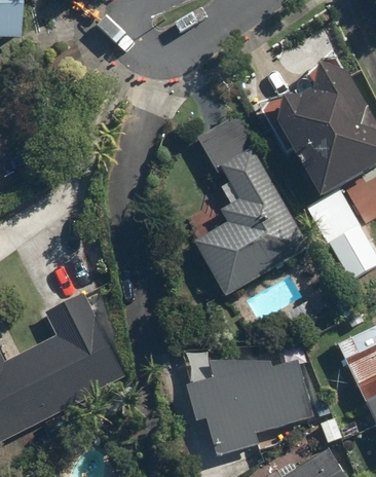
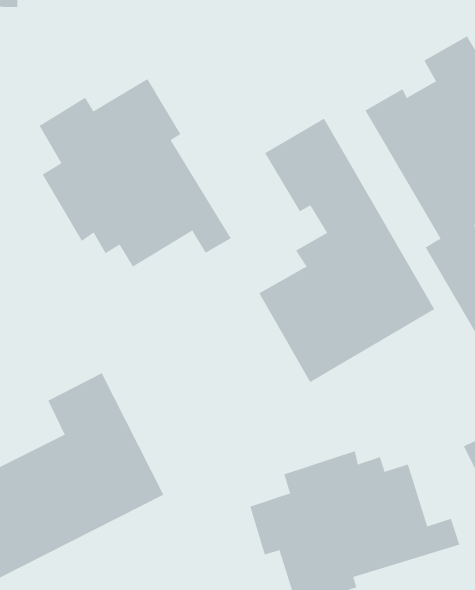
building: none -> [39,78,231,267]

